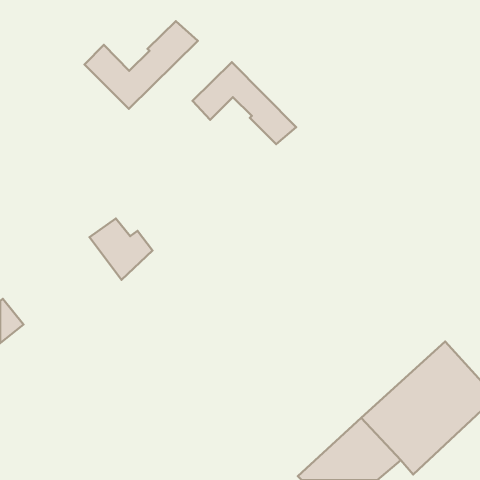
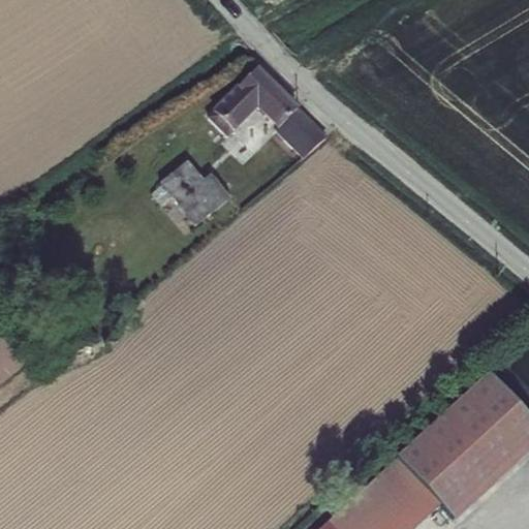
building: [85,21,198,109] -> none
building: [89,218,153,280] -> [159,159,228,226]

